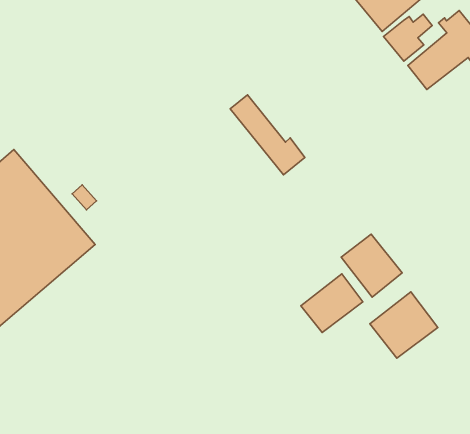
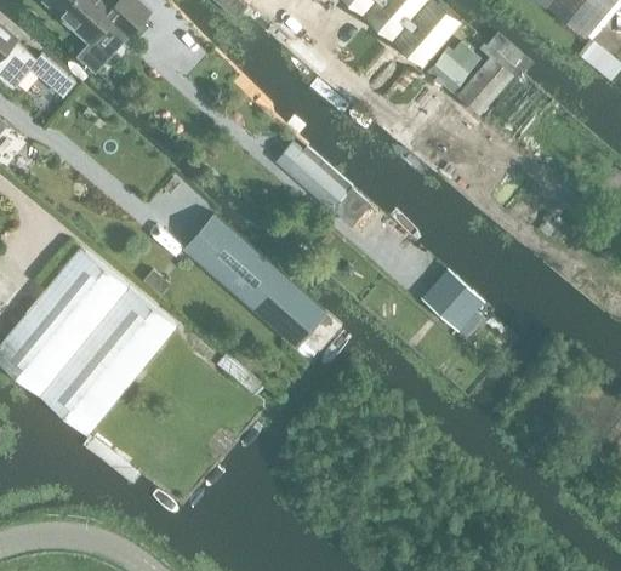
building: none -> [186,217,324,346]
building: [301,274,363,332] -> none
building: [370,292,438,358] -> none

